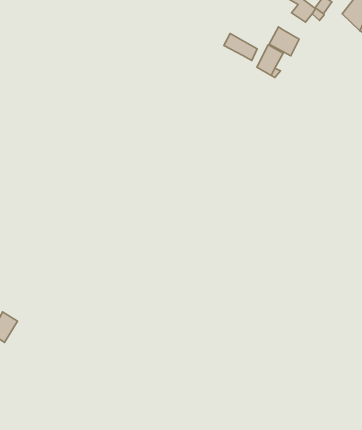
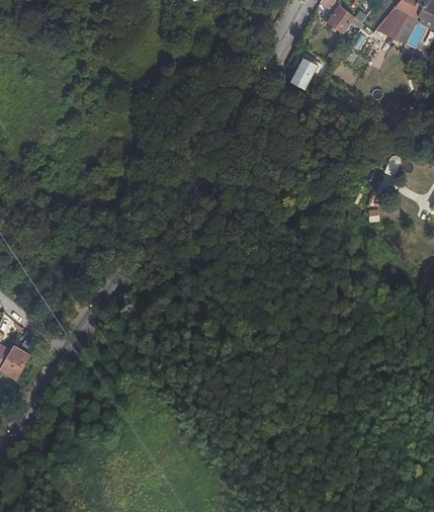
building: [269,27,299,56] -> none
building: [224,33,257,61] -> none

